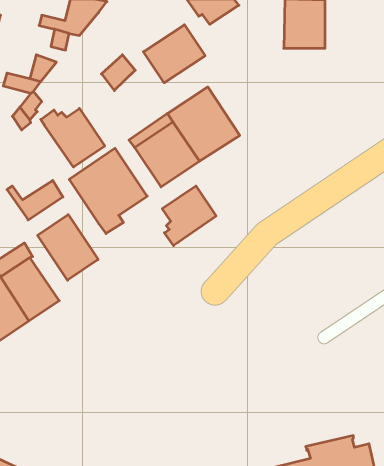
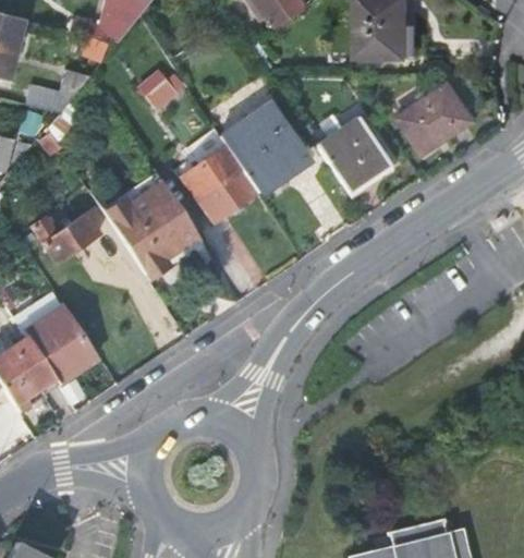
building: [143,25,205,83] -> none
building: none -> [399,85,473,154]
building: none -> [318,116,393,193]
building: [41,108,105,167] -> none
building: [162,186,216,246] -> none
building: [38,215,98,280] -> none

